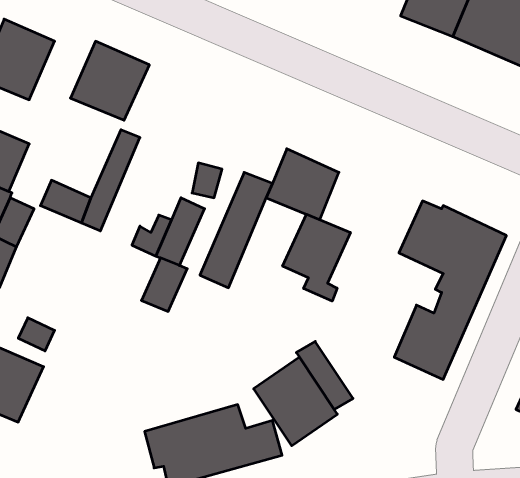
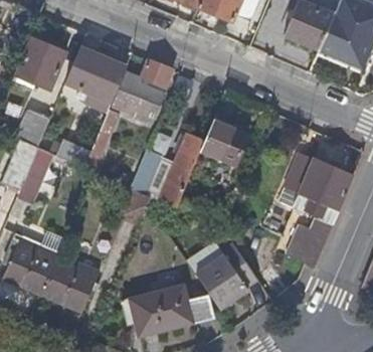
building: none -> [113,59,172,120]
building: [283,214,350,301] -> none
building: none -> [42,258,101,311]

